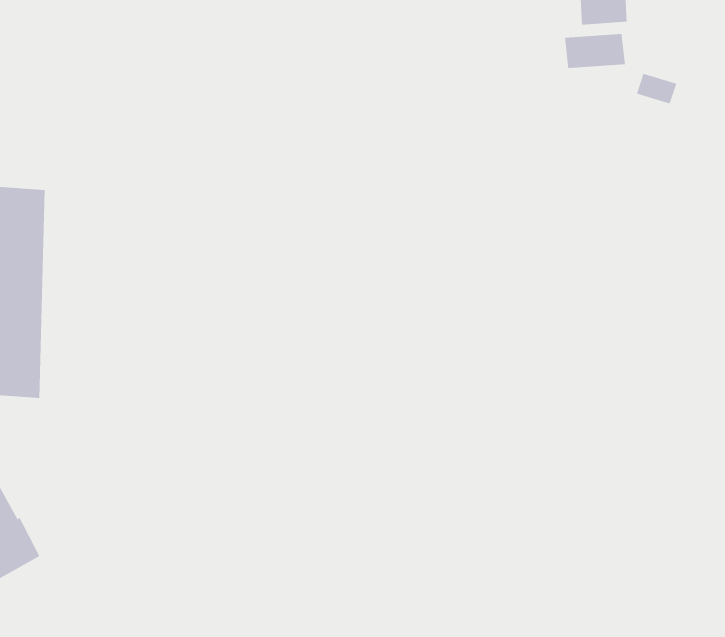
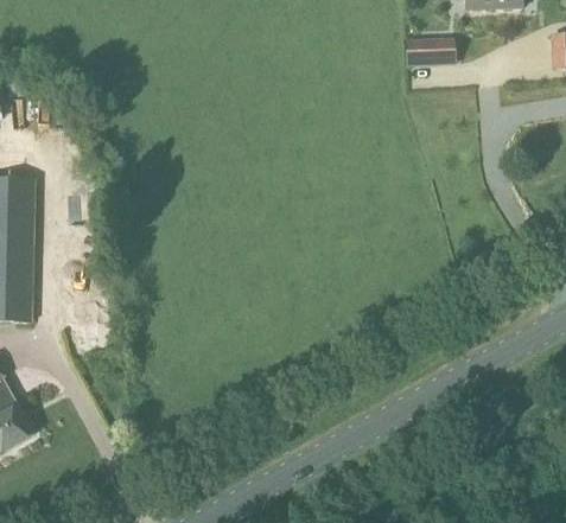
building: [565,33,625,69] -> none

